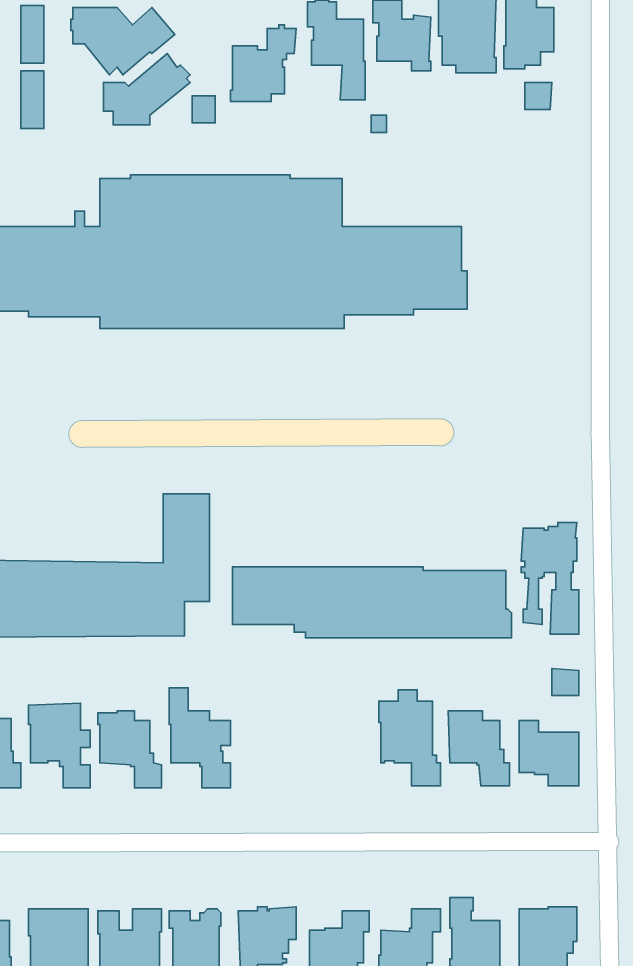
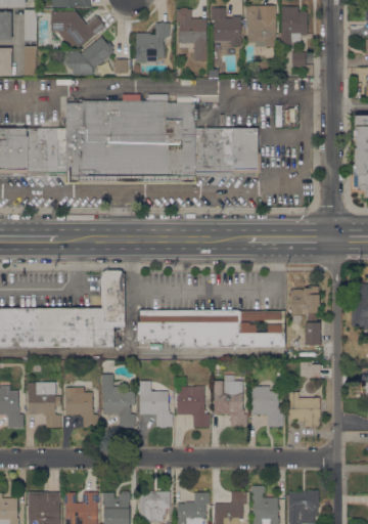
building: none -> [139,382,172,428]
building: none -> [177,387,210,428]

